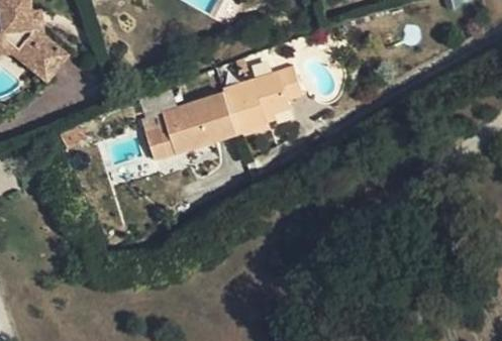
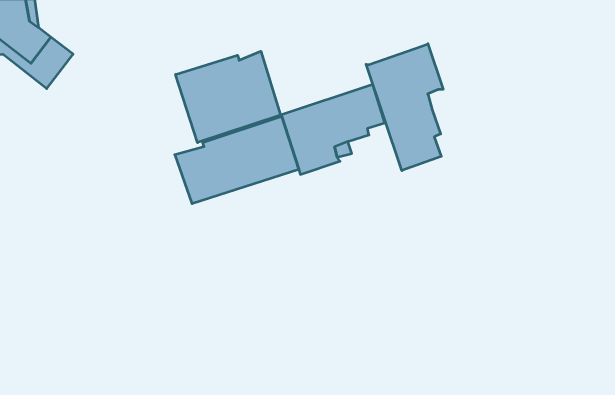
building: none -> [366,44,443,171]
building: none -> [176,51,280,143]

